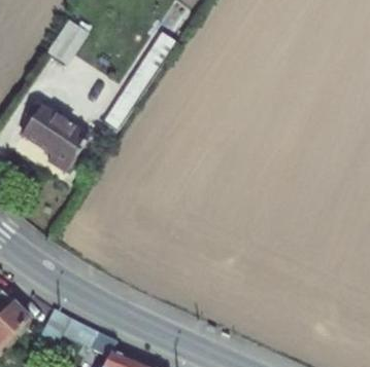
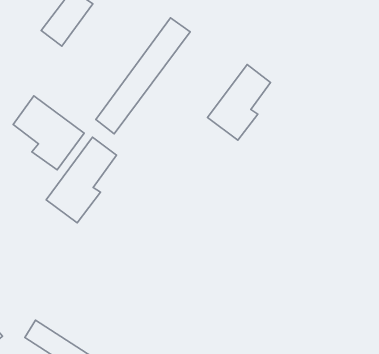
building: none -> [208,64,270,140]
building: none -> [46,137,116,223]

